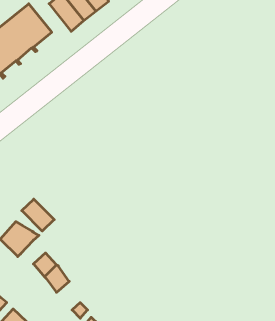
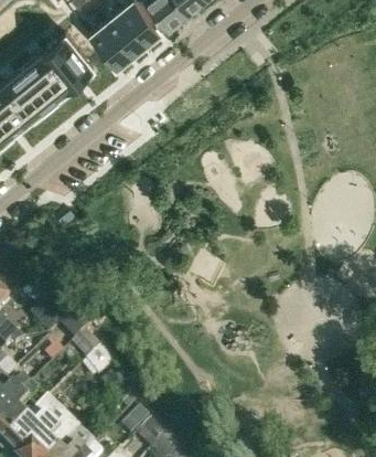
building: [22,199,54,231] -> none

